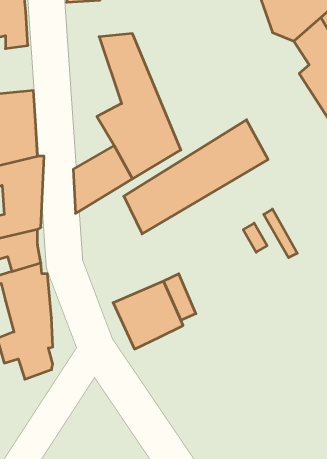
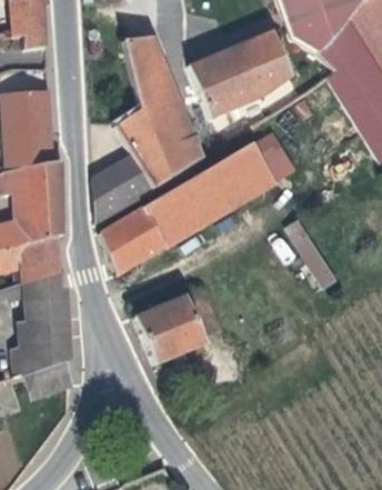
building: none -> [192,27,293,114]
building: none -> [98,203,163,271]

